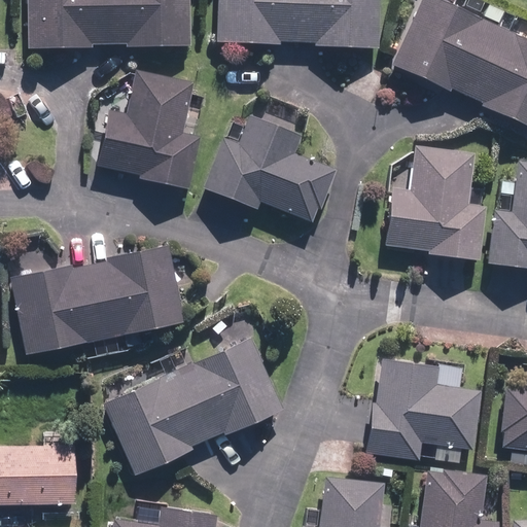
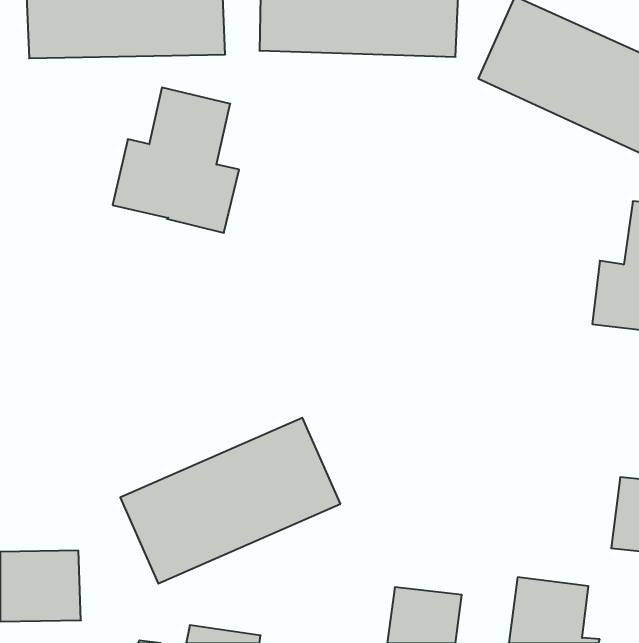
building: [205,119,331,221] -> none
building: [386,147,486,260] -> none
building: [11,248,184,354] -> none
building: [365,358,480,456] -> none

